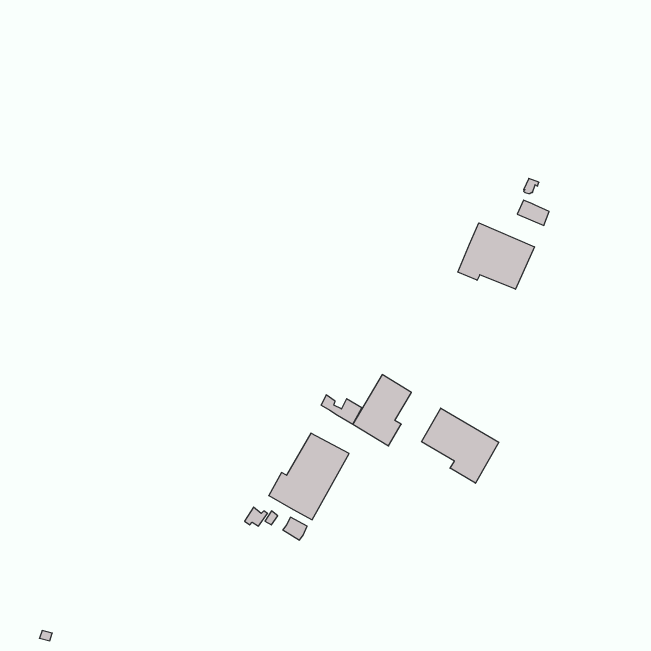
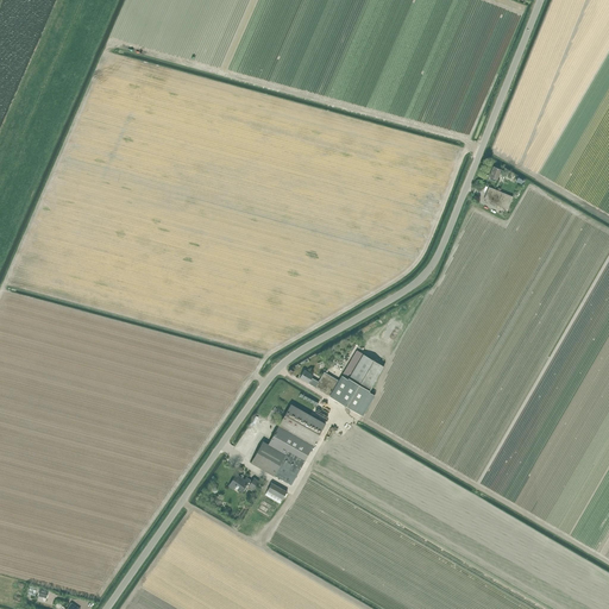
building: [458,223,534,289] -> none
building: [422,408,499,483] -> none

